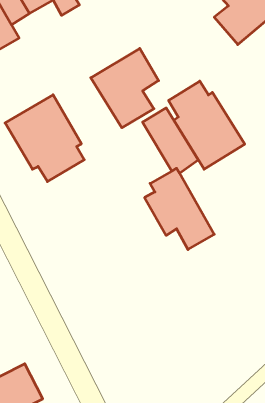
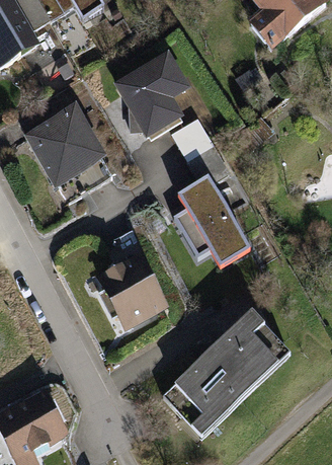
building: [169,81,245,169] -> none
building: none -> [93,251,167,329]
building: none -> [167,305,293,428]

